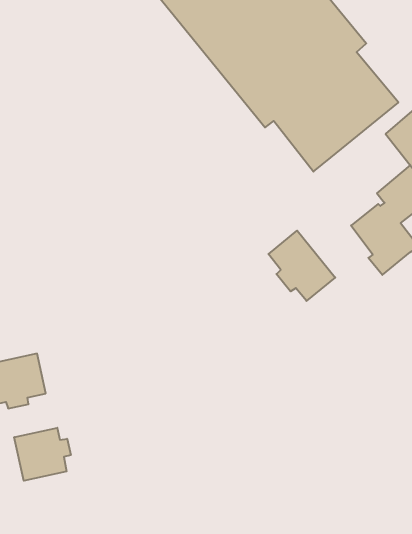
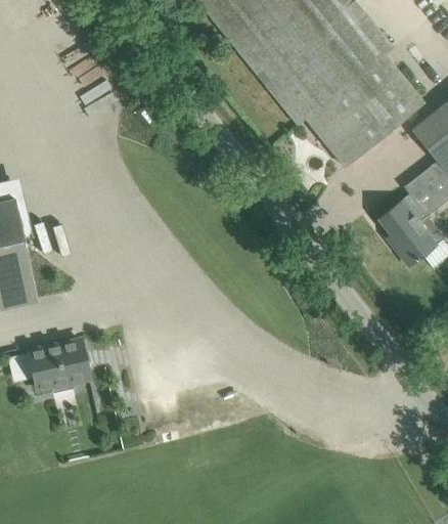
building: [268,231,335,301] -> none
building: [14,428,71,481] -> none

